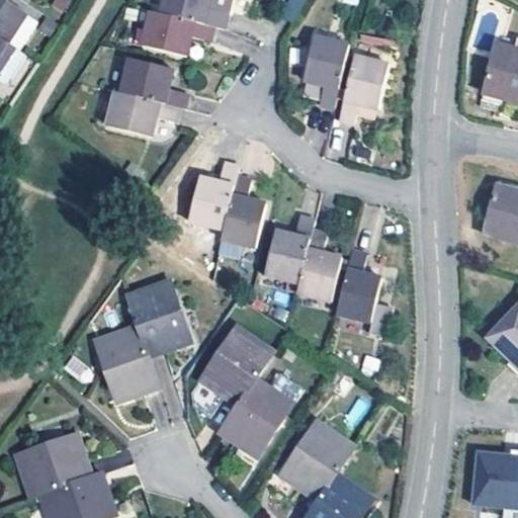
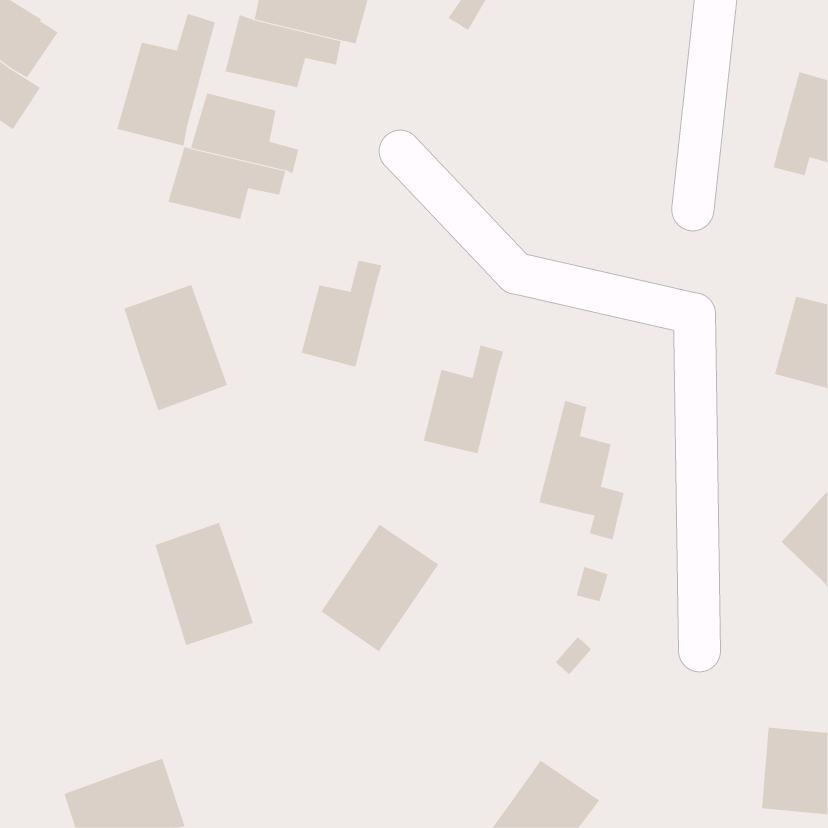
building: none -> [117,13,215,146]
building: [301,35,348,108] -> none
building: [337,56,387,123] -> none
building: [220,175,265,247] -> none
building: [295,228,341,301] -> none
building: [126,278,191,357] -> [124,284,228,411]
building: [218,376,293,458] -> none
building: [279,421,354,500] -> none
building: [15,433,92,497] -> none

